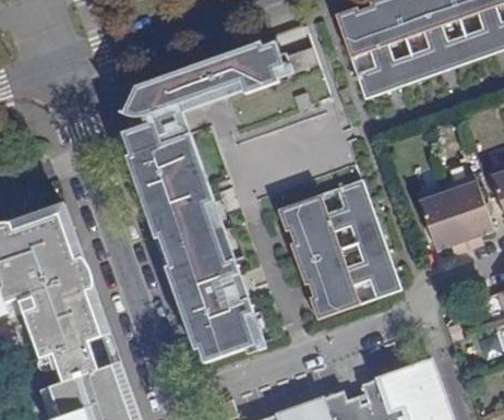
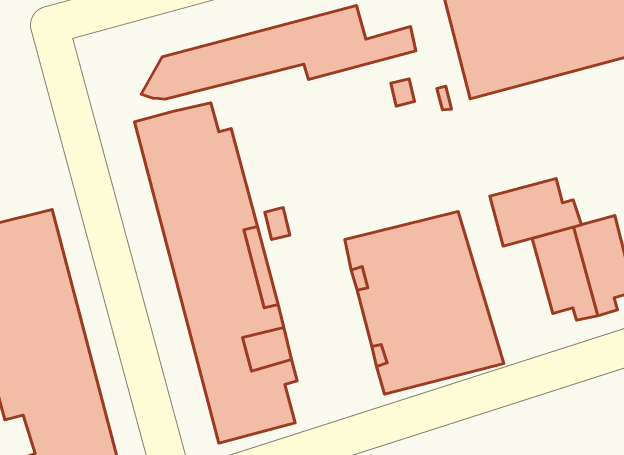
building: [140,83,243,137] -> none
building: none -> [490,178,581,246]

